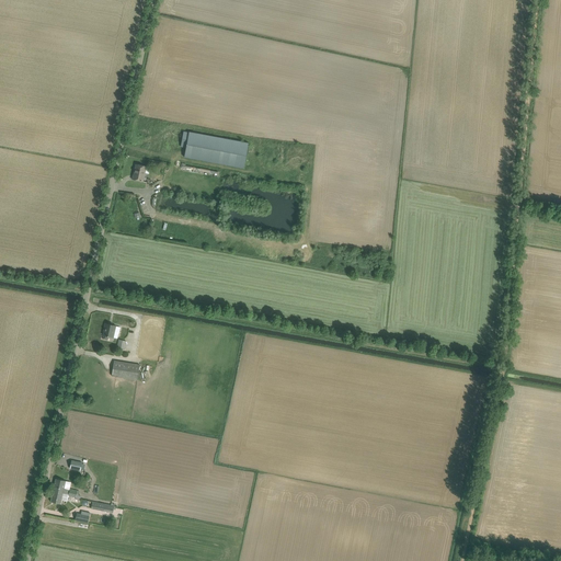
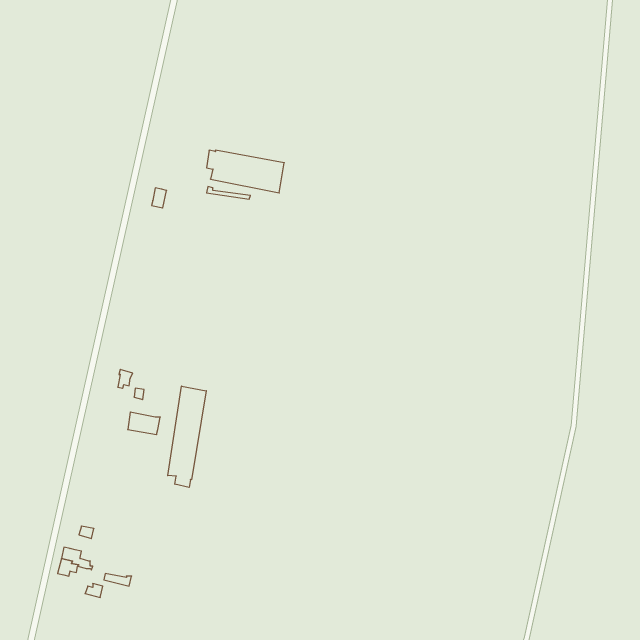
building: none -> [168,386,206,487]

